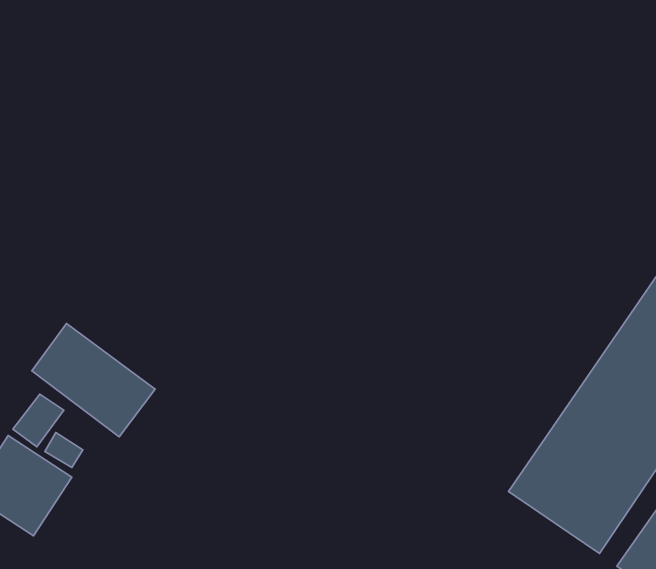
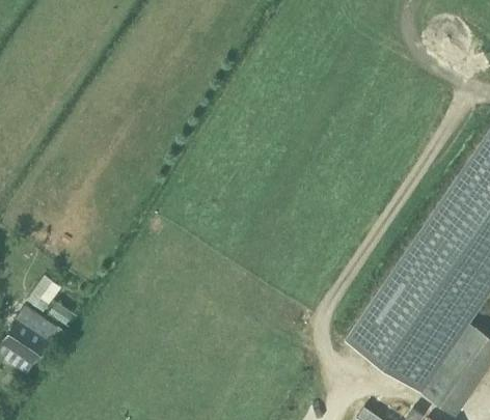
building: [32,324,155,437] -> none

